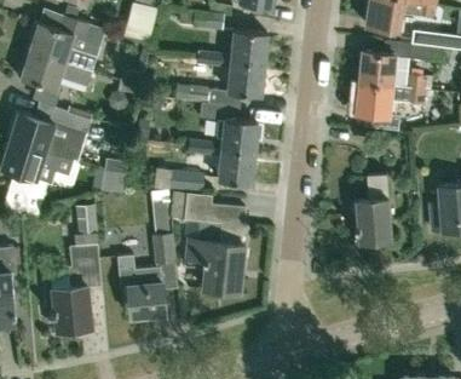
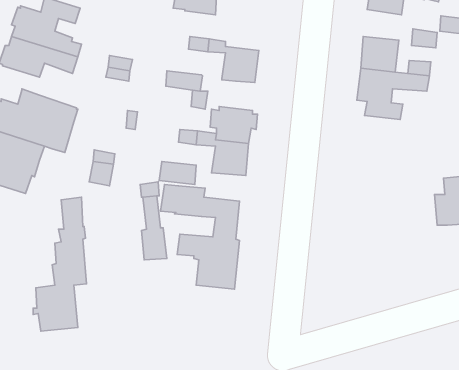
building: [232,29,267,64] -> none
building: [356,173,392,241] -> none
building: [116,253,167,317] -> none

